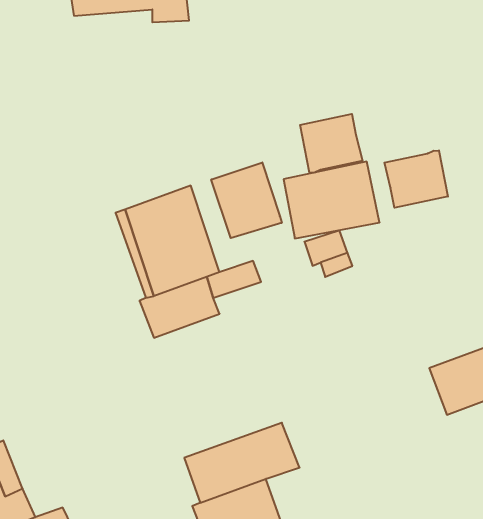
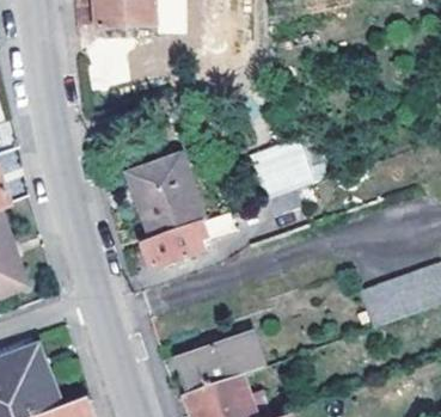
building: [300,114,362,173] -> none
building: [384,150,448,208] -> none
building: [211,162,282,238] -> none

